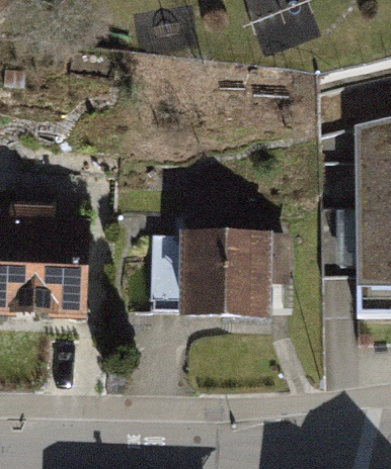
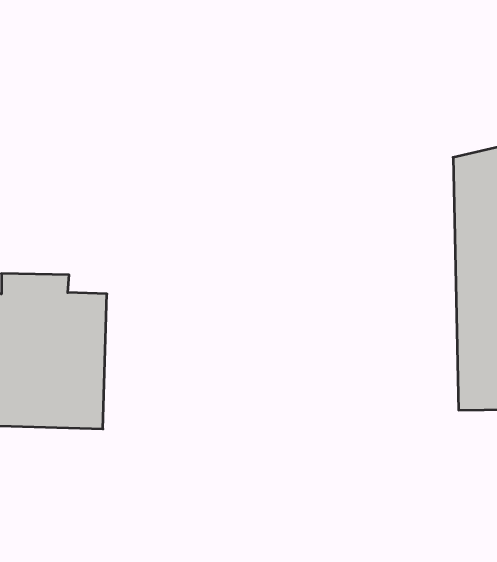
building: [186,241,278,324] -> none

